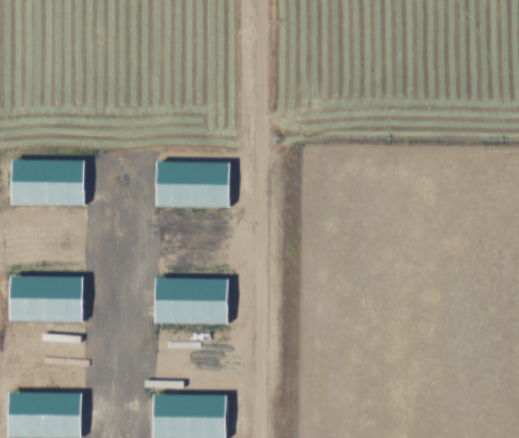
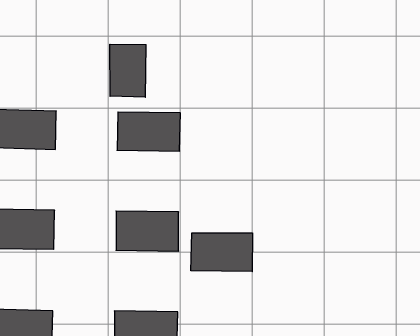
building: none -> [110,44,146,97]
building: none -> [191,233,252,272]

